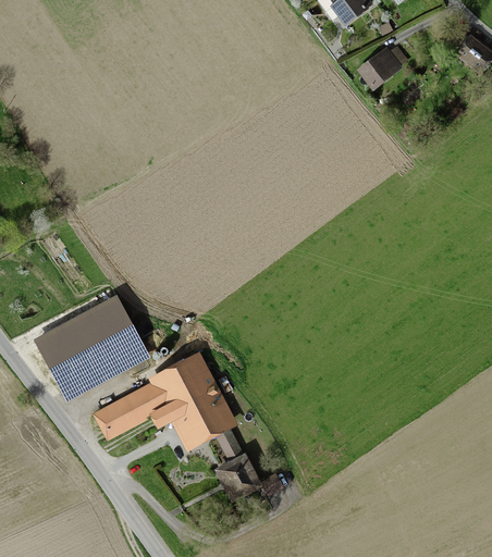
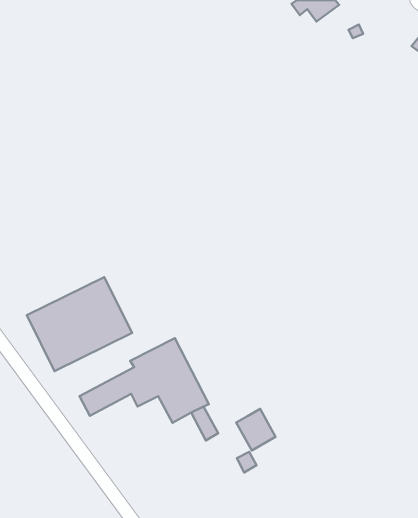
building: [360,55,396,88] -> none
building: [217,456,258,499] -> [236,409,276,450]

